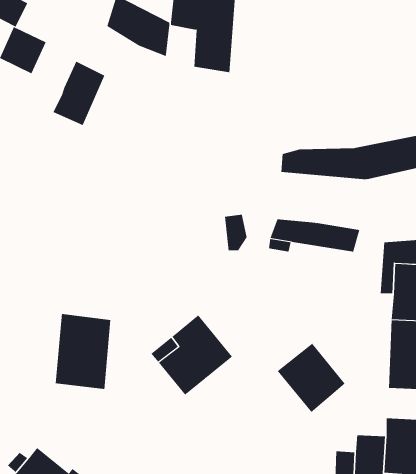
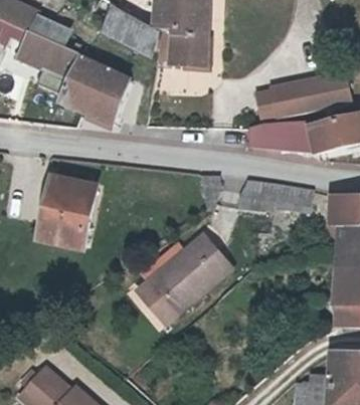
building: none -> [39,39,78,82]
building: none -> [83,66,128,121]
building: none -> [267,75,348,123]
building: [55,314,111,390] -> [40,182,86,244]
building: [277,343,346,413] -> [178,239,234,296]

